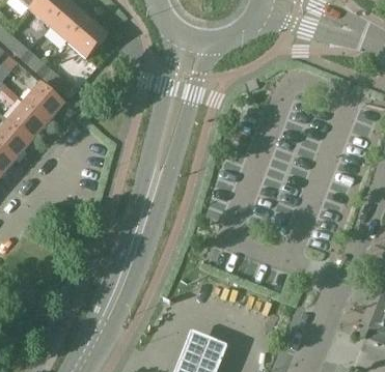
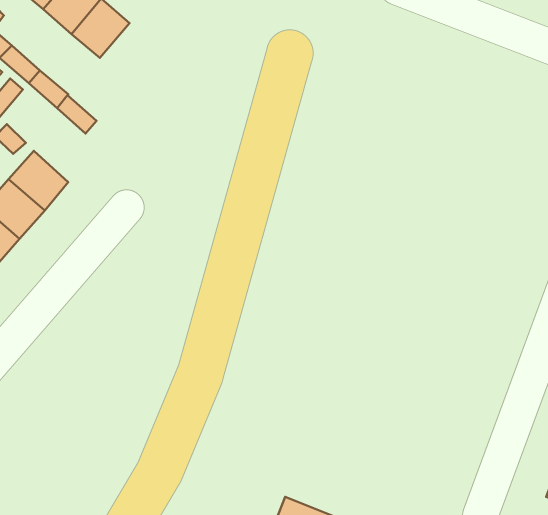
building: [67,18,107,57] -> none
building: [24,82,64,122] -> none

